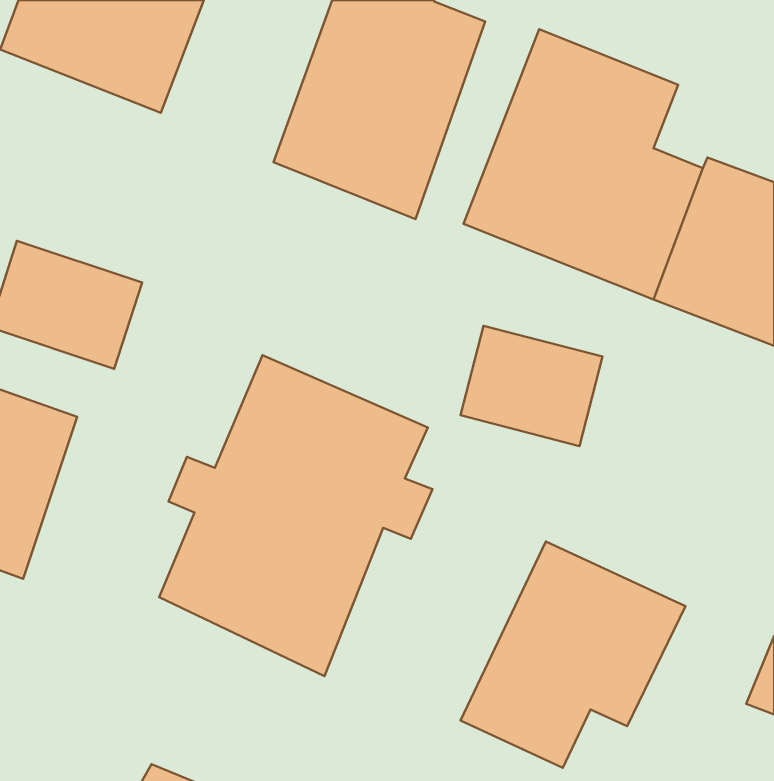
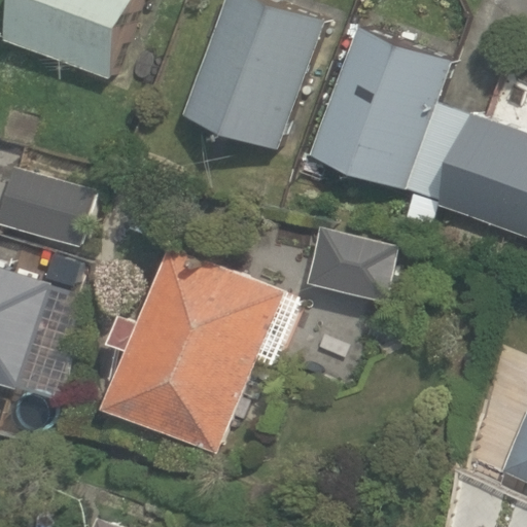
building: [460,541,686,768] -> none

